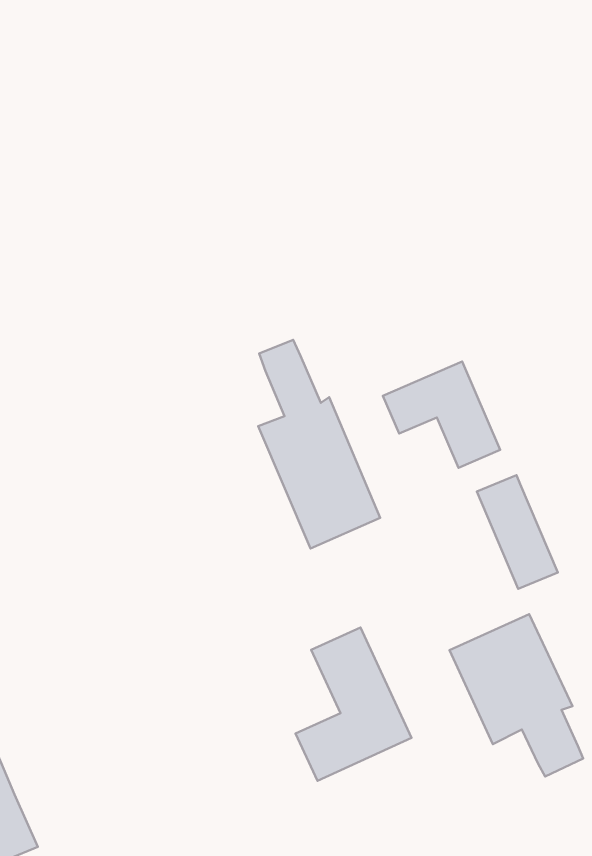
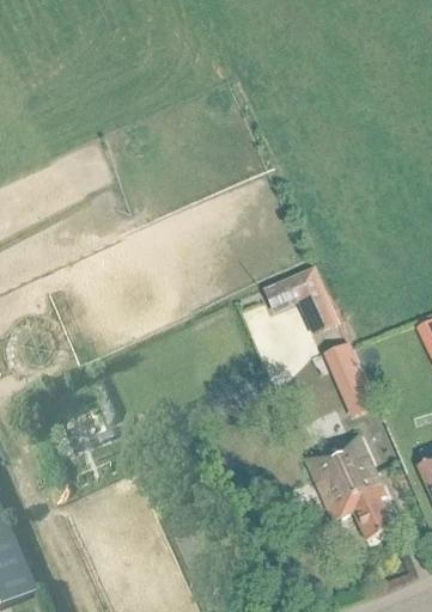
building: [258,340,380,549] -> none
building: [296,628,411,781] -> none

